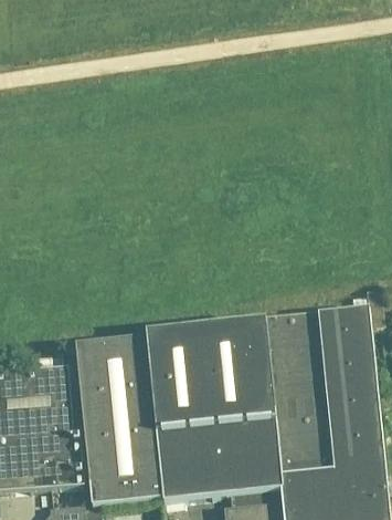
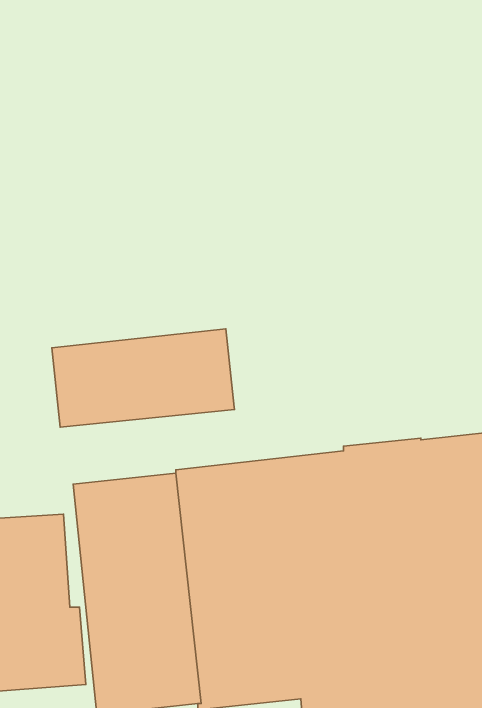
building: none -> [52,329,235,427]

